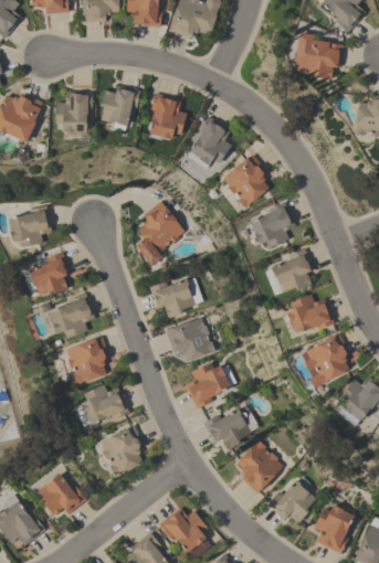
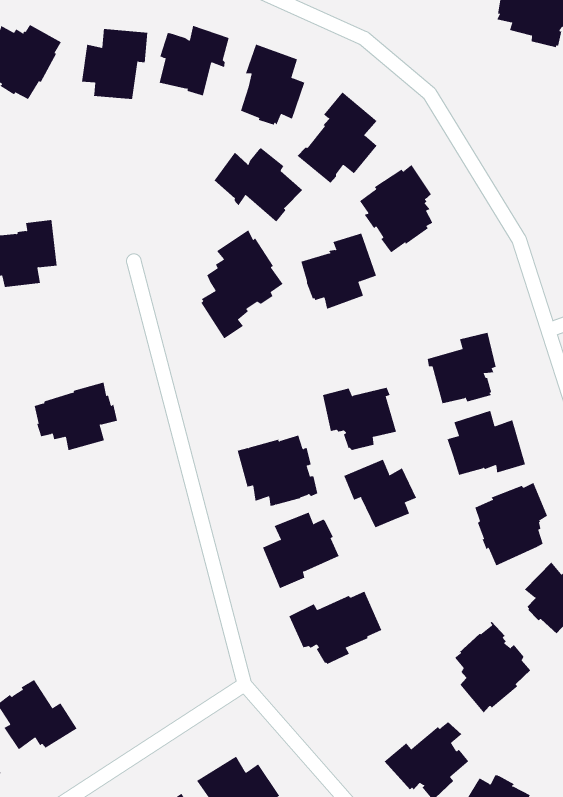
building: none -> [214,147,303,223]
building: [250,202,295,248] -> [300,233,377,310]
building: [29,252,70,296] -> none
building: [149,279,194,318] -> [322,387,397,451]
building: none -> [344,459,417,528]
building: [65,337,108,385] -> none
building: [81,384,128,425] -> none
building: [99,425,144,475] -> none
building: [236,439,282,493] -> [454,621,531,714]

